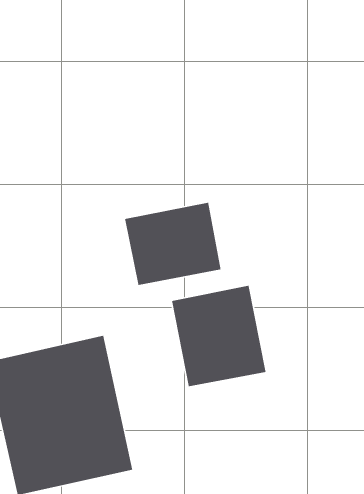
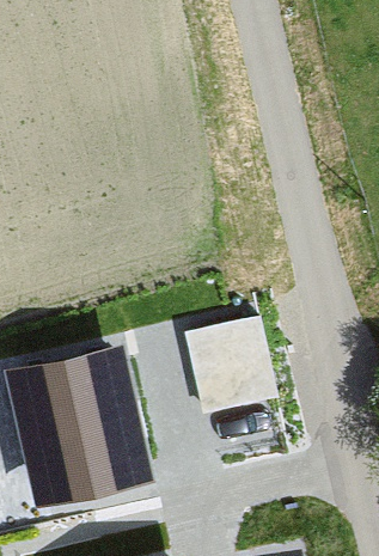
building: [124,202,221,286] -> none

